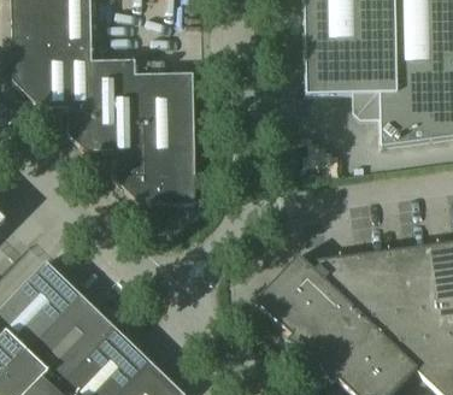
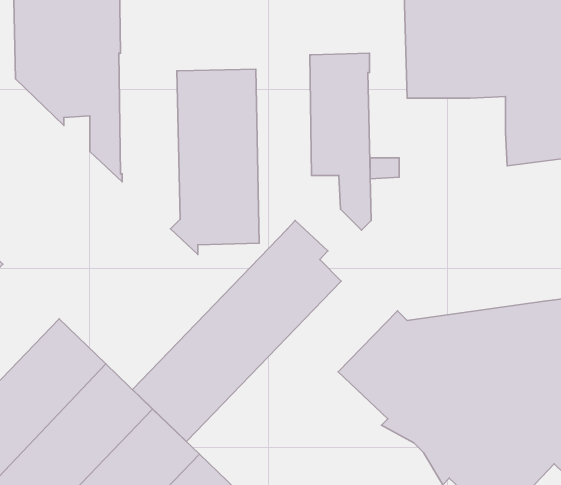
building: [92,60,137,193] -> [310,53,371,230]
building: none -> [132,221,341,441]

